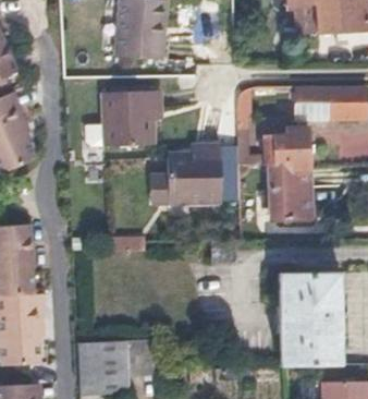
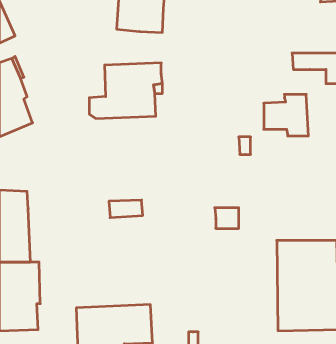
building: [171,145,224,204] -> none
building: [268,162,310,218] -> none

